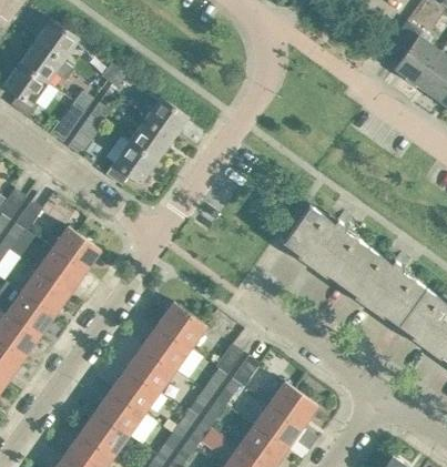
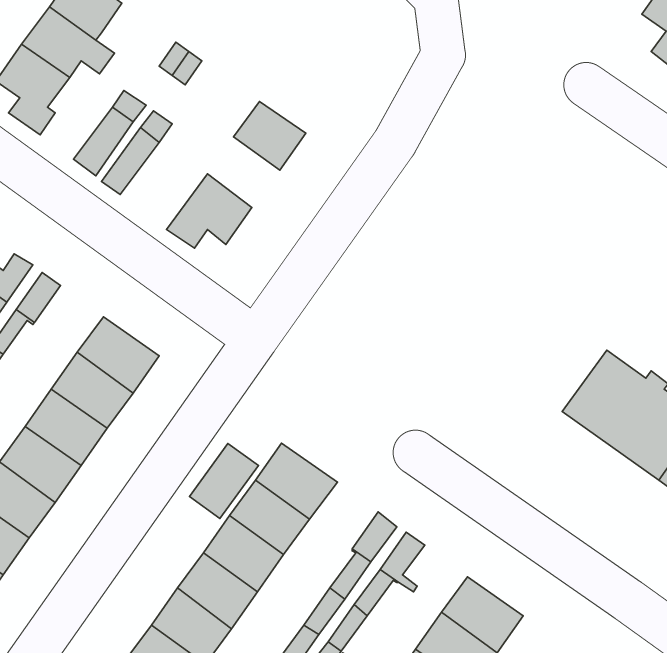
building: [129,120,172,162] -> none
building: [282,204,367,284] -> none
building: none -> [189,443,258,519]

